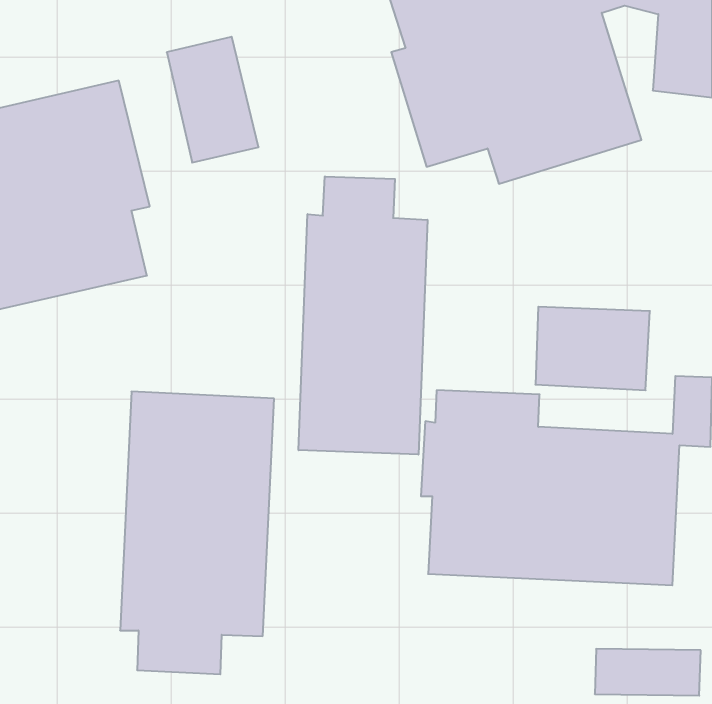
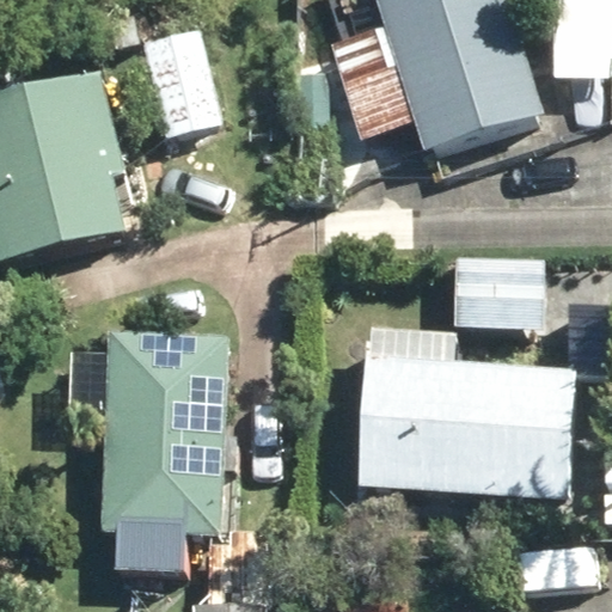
building: [299,176,427,455] -> none

